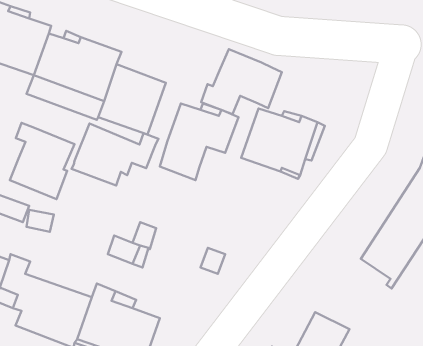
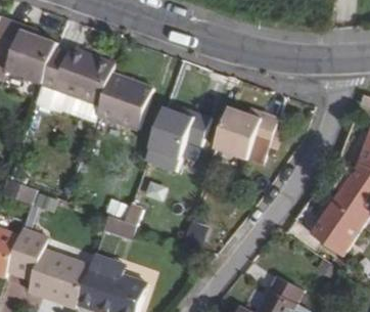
building: [201,49,282,114] -> none
building: [10,123,74,199] -> none
building: [72,124,159,186] -> none

